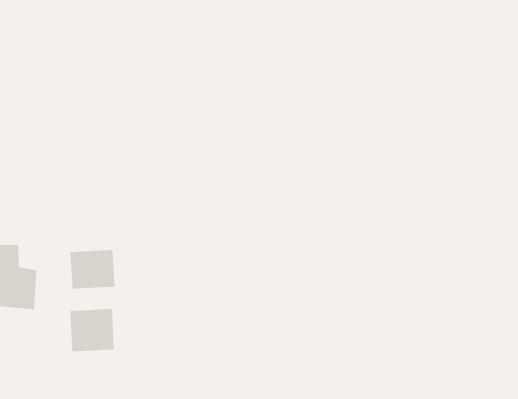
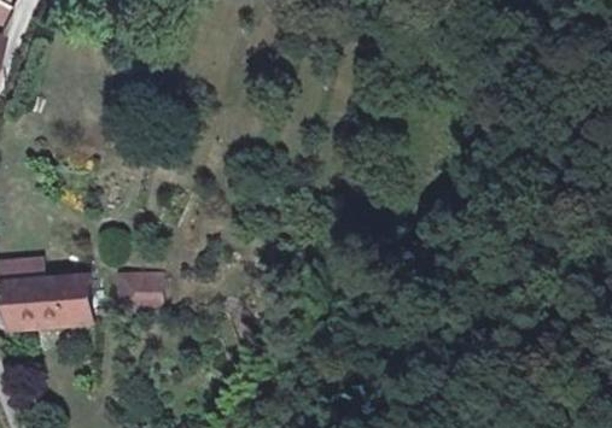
building: [70,308,115,352] -> none

